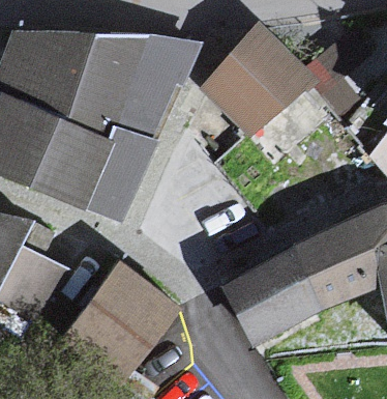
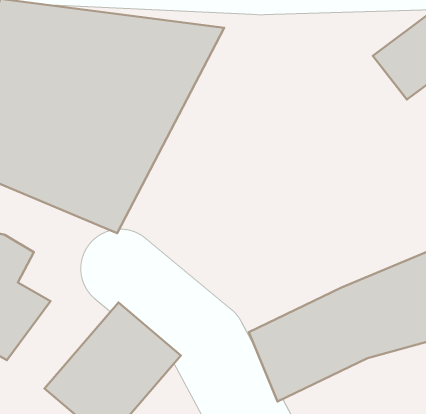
building: [205,29,309,130] -> none

